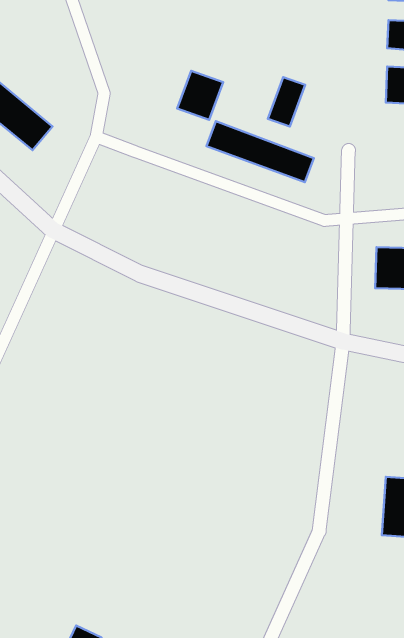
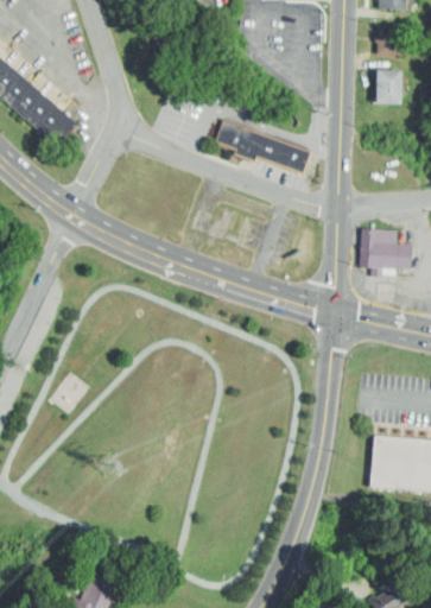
building: [177,71,223,120] -> none
building: [268,77,305,127] -> none

